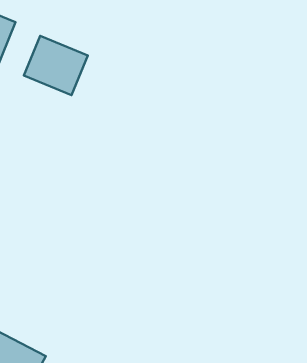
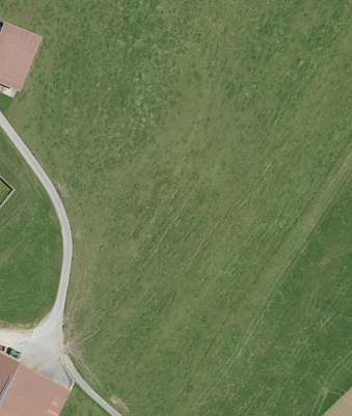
building: [24,36,88,95] -> none

